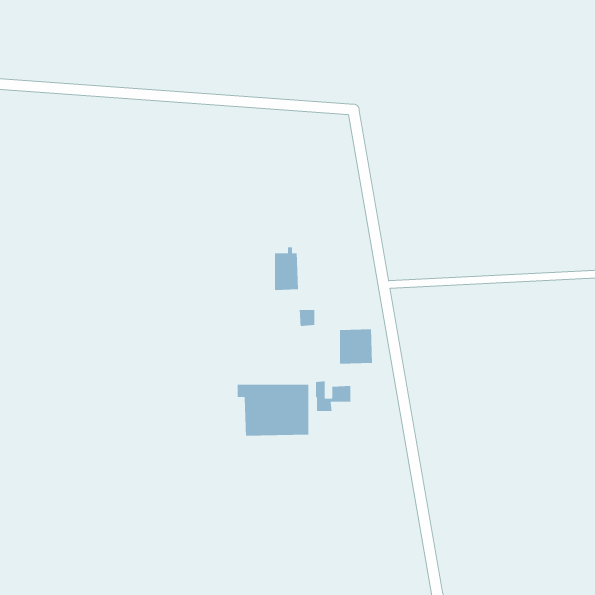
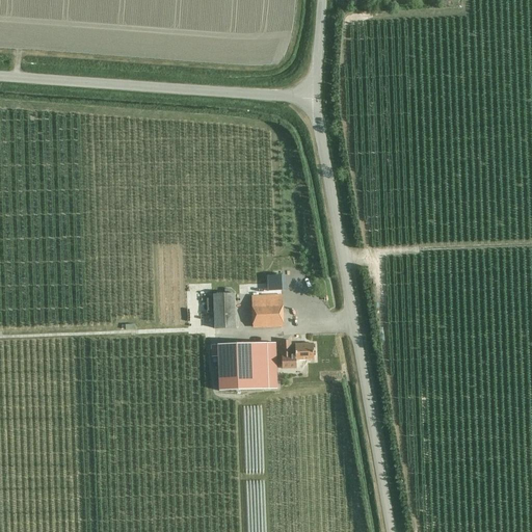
building: [274,247,299,291] -> [213,289,235,328]
building: [339,328,373,365] -> [250,294,281,326]

